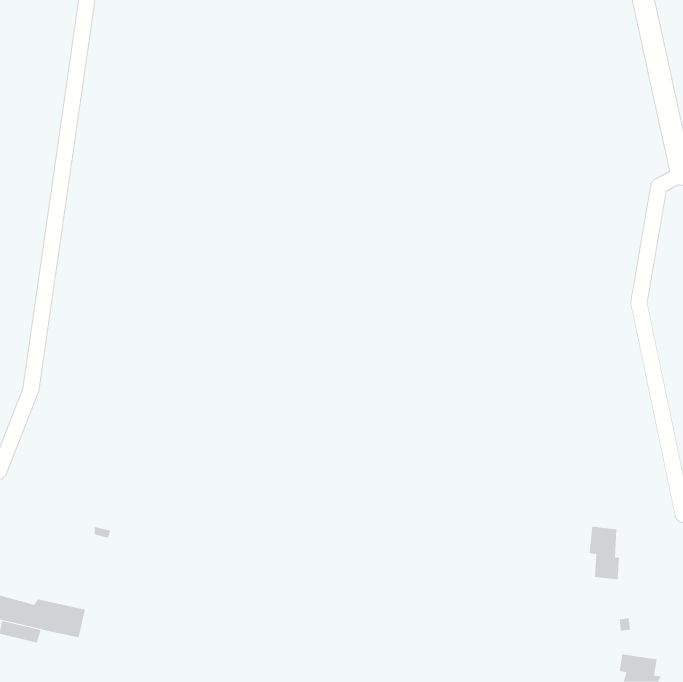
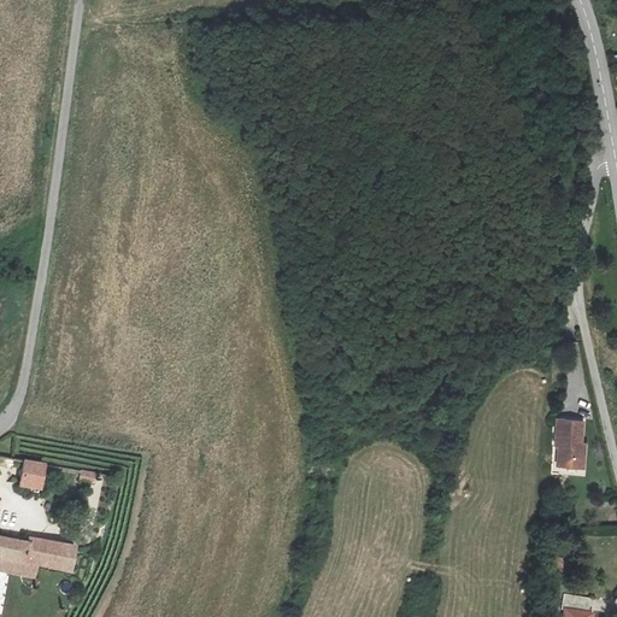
building: none -> [20,459,59,488]
building: [589,526,620,580] -> [553,416,581,464]

